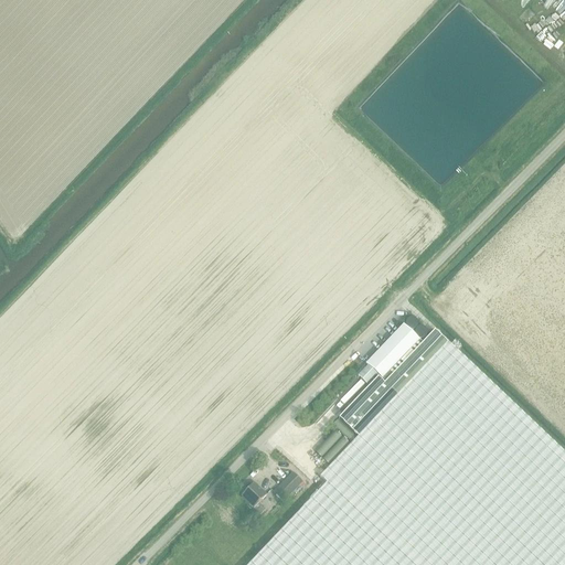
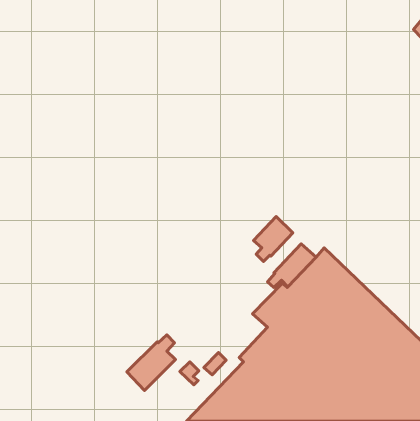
building: none -> [254,217,293,261]
building: none -> [127,335,176,390]

